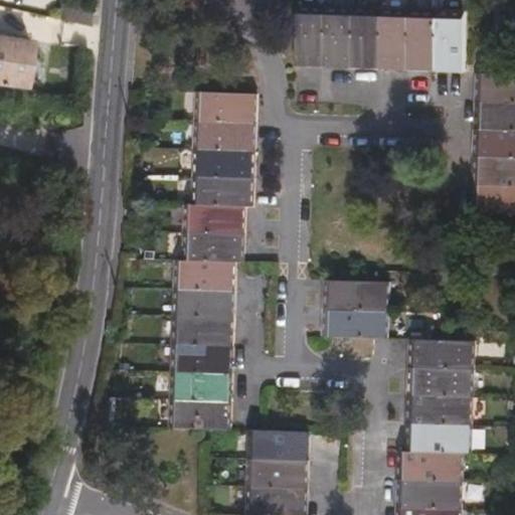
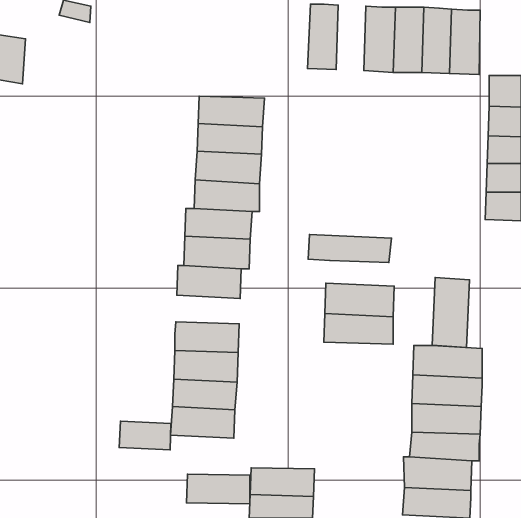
building: [331,5,360,69] -> none
building: none -> [308,235,391,263]
building: none -> [432,278,470,347]
building: [173,291,236,319] -> none
building: none -> [119,421,171,450]
building: [247,433,310,462] -> [187,474,250,504]

